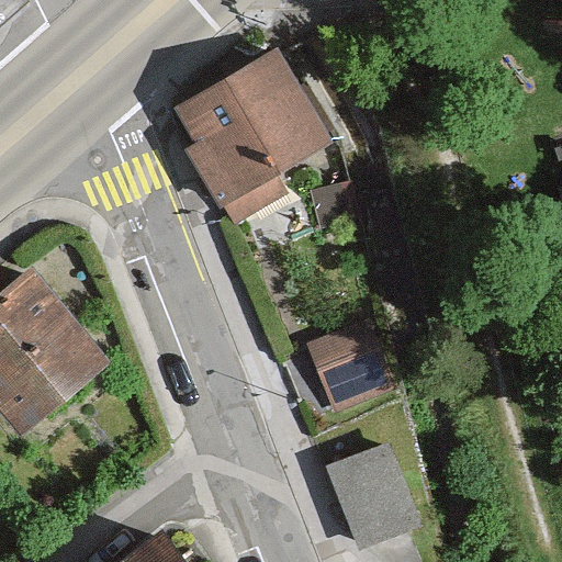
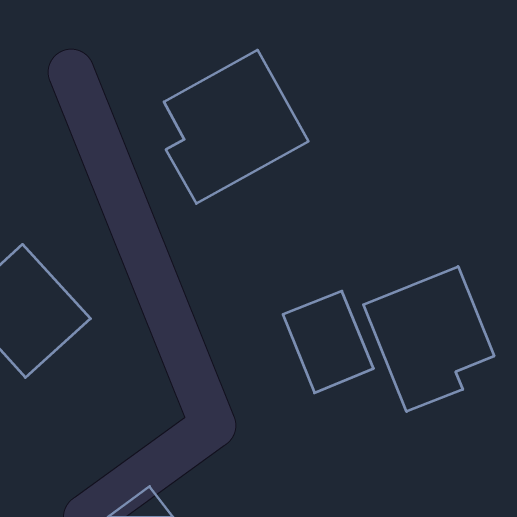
building: none -> [363,266,494,412]
building: [328,447,425,553] -> none

